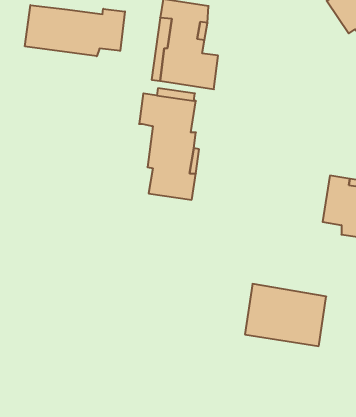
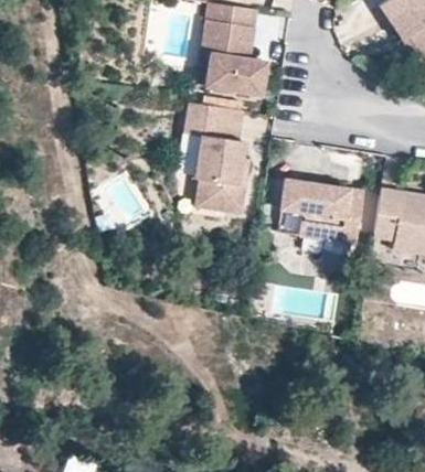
building: [25,5,125,56] -> none
building: [245,284,326,346] -> [280,178,365,243]

